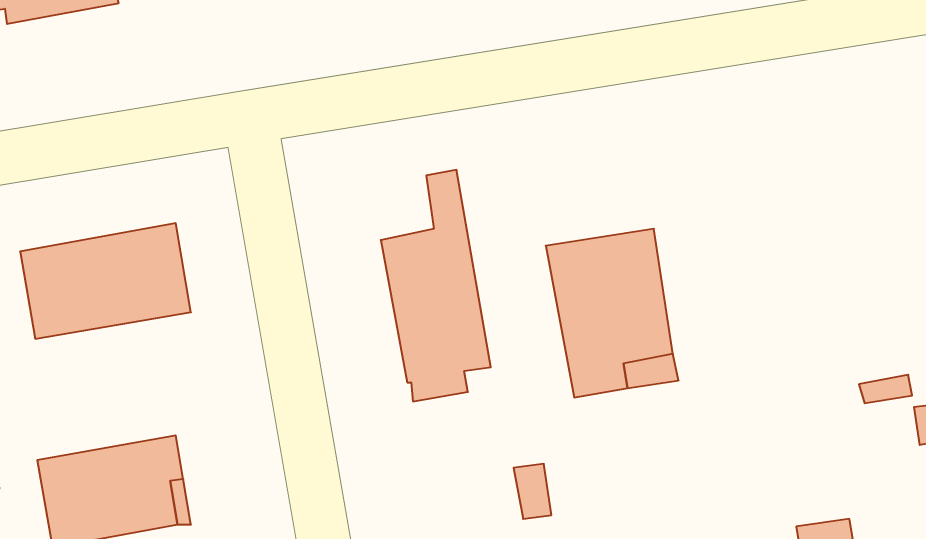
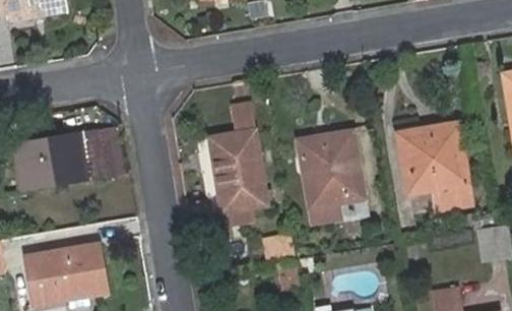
building: none -> [398,121,472,208]

